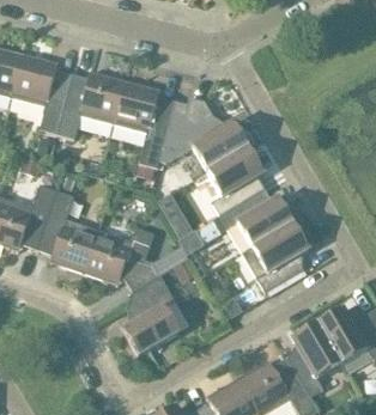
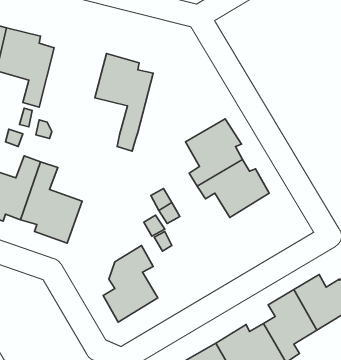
building: [56,69,126,139] -> none
building: [158,96,248,170] -> none
building: [253,222,309,292] -> none
building: [85,227,162,293] -> none

